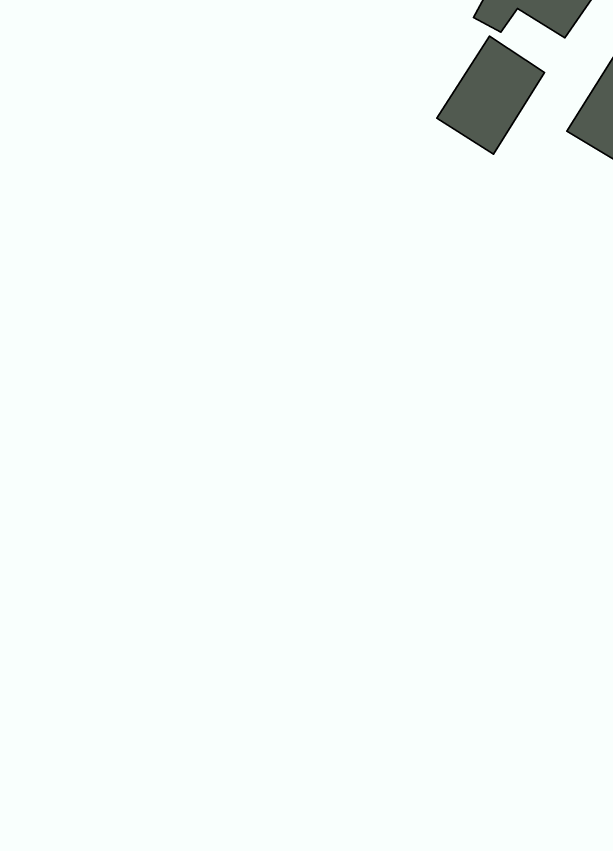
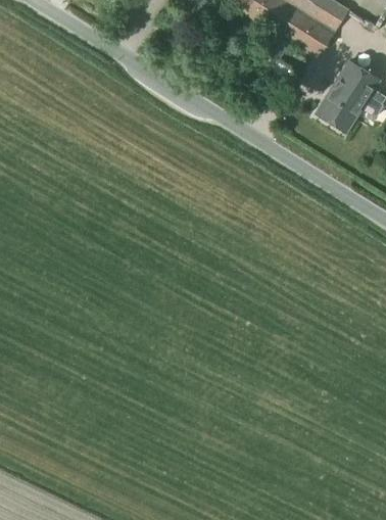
building: [437,36,545,154] -> none

